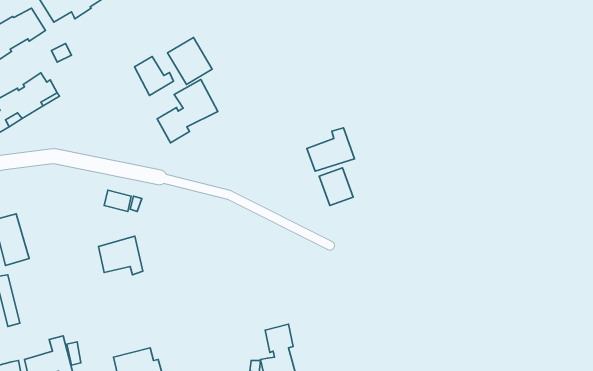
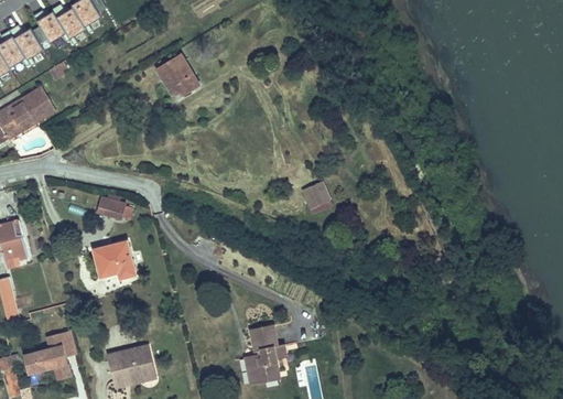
building: [135,56,174,95] -> none
building: [157,80,218,143] -> none
building: [307,128,355,171] -> none

